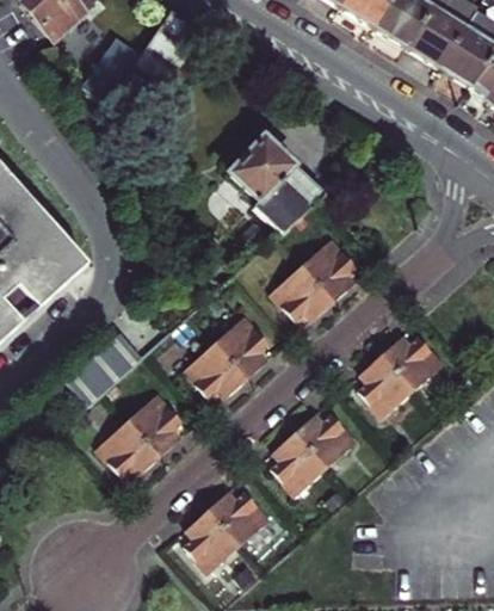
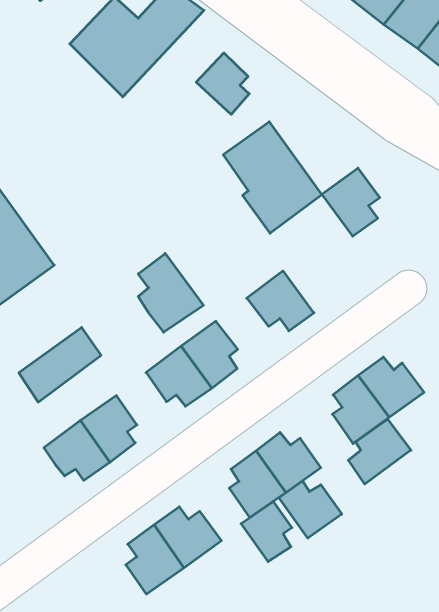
building: none -> [196,53,249,114]
building: [302,236,356,300] -> [322,168,380,236]
building: none -> [138,253,203,332]
building: none -> [348,419,411,484]
building: none -> [279,481,342,538]
building: none -> [241,501,292,562]

